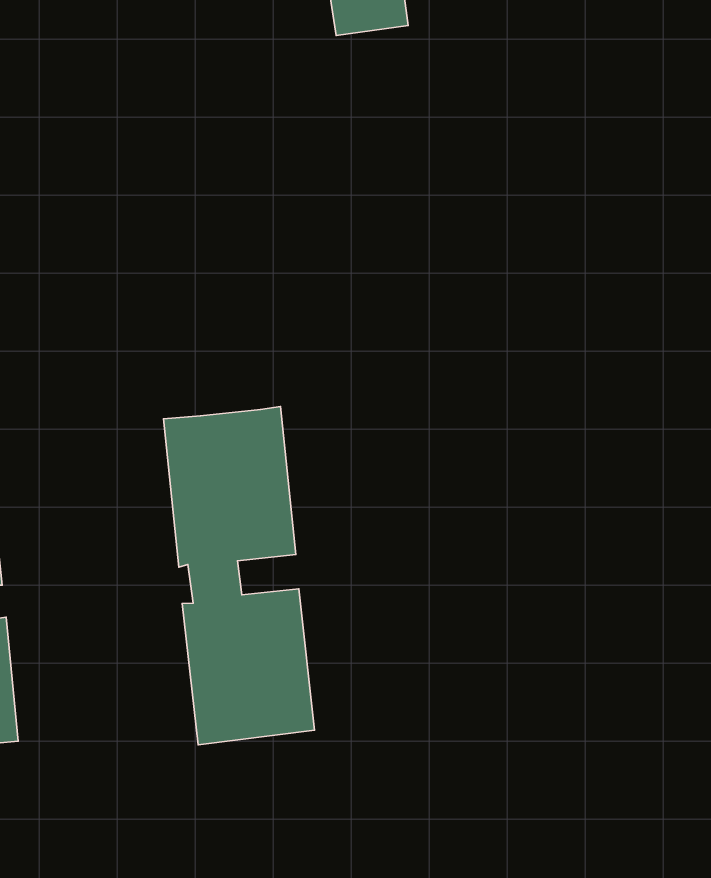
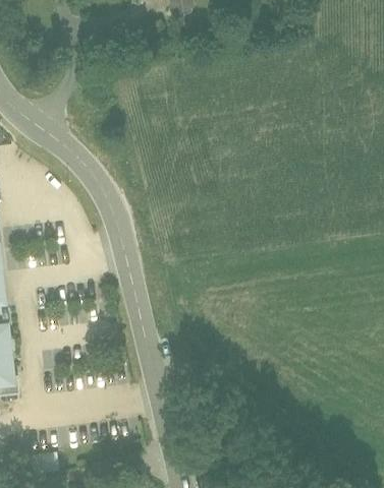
building: [163,406,315,745] -> none

